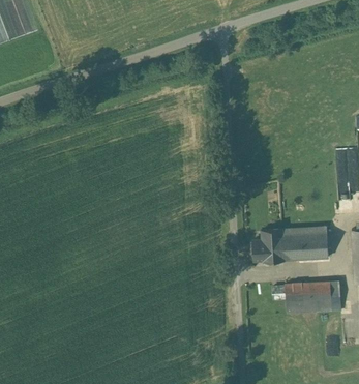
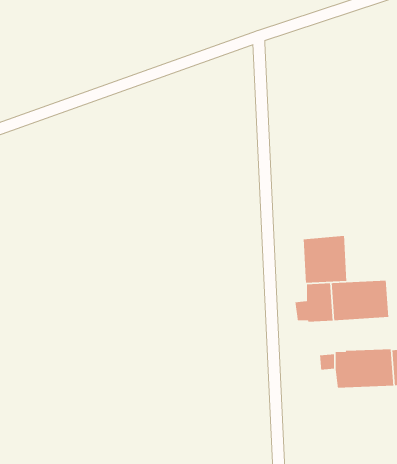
building: none -> [303,235,347,284]

